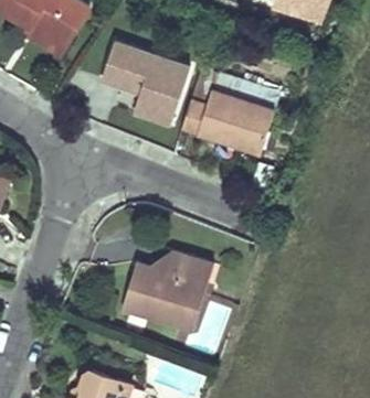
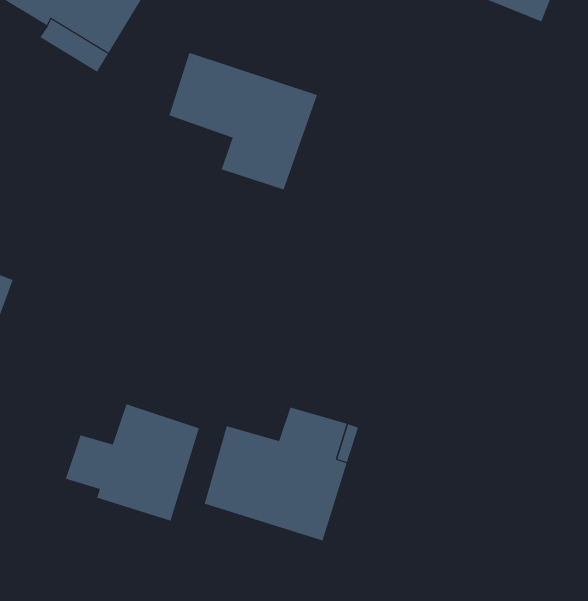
building: [181,68,279,155] -> none
building: none -> [65,404,199,521]

